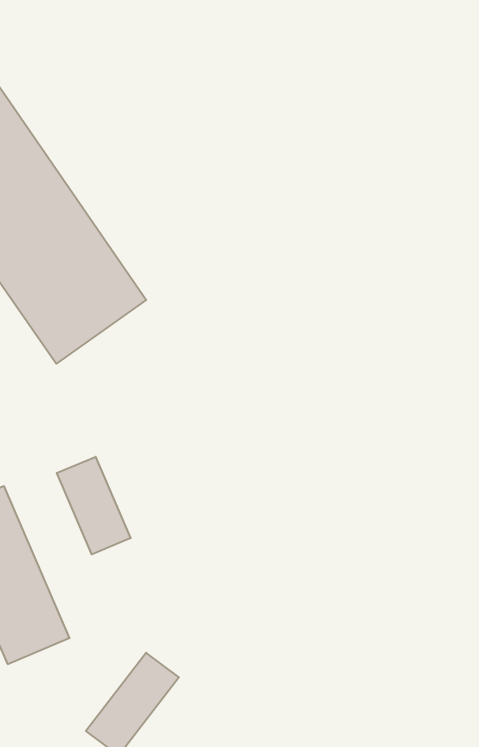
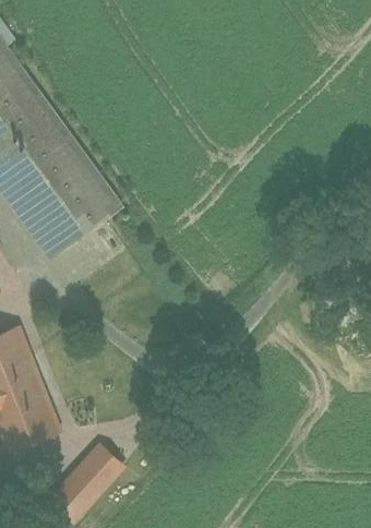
building: [57,457,131,554] -> none

